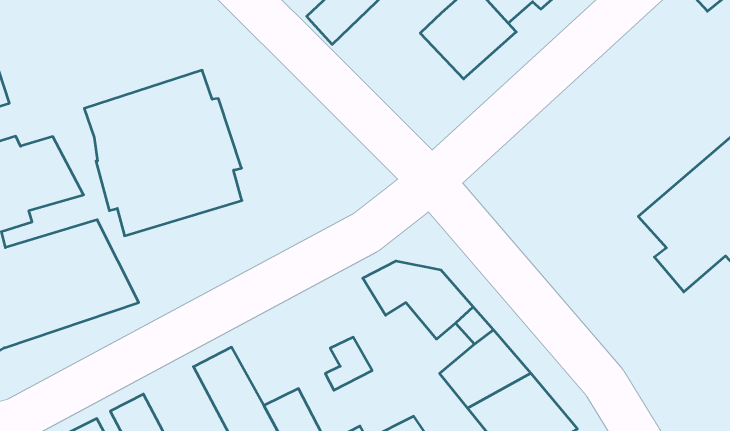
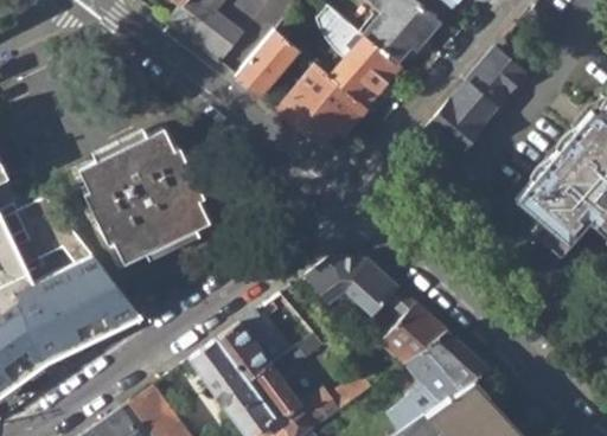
building: none -> [420,39,524,153]
building: none -> [279,68,365,146]
building: none -> [215,310,271,382]

